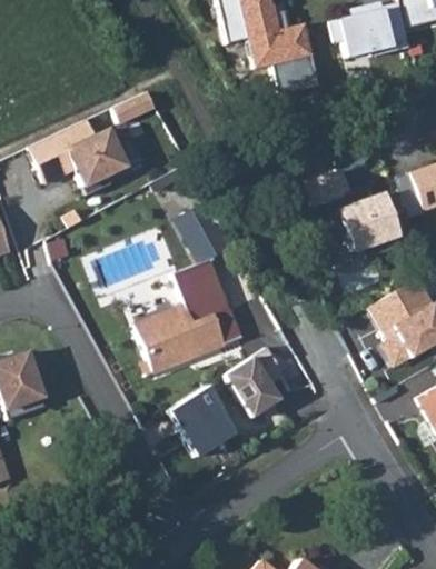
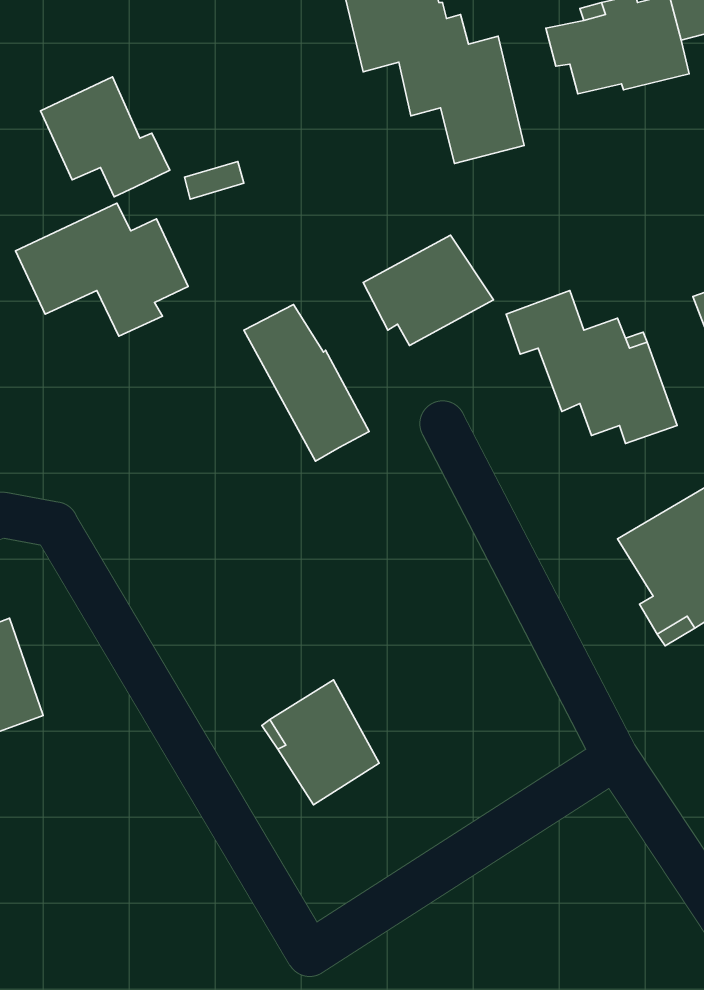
building: none -> [40,77,170,197]
building: none -> [363,235,494,346]
building: [136,256,244,371] -> none
building: [225,347,286,417] -> none

